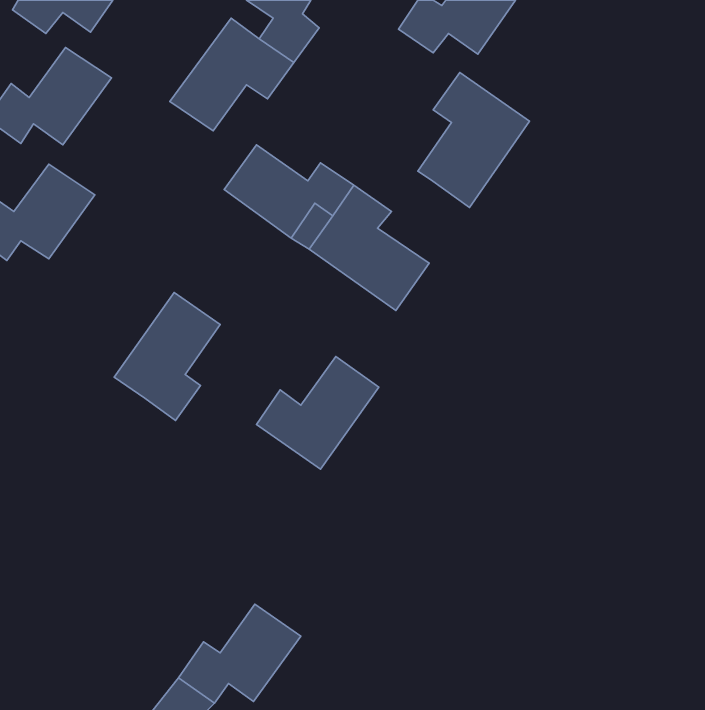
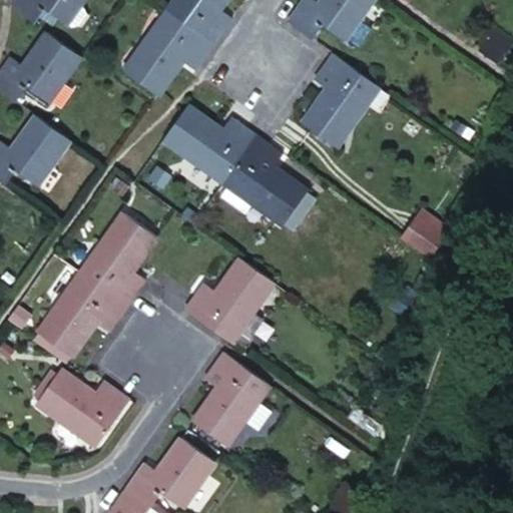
building: none -> [396,208,447,260]
building: none -> [38,285,126,357]
building: none -> [192,353,259,446]
building: none -> [41,373,135,447]

